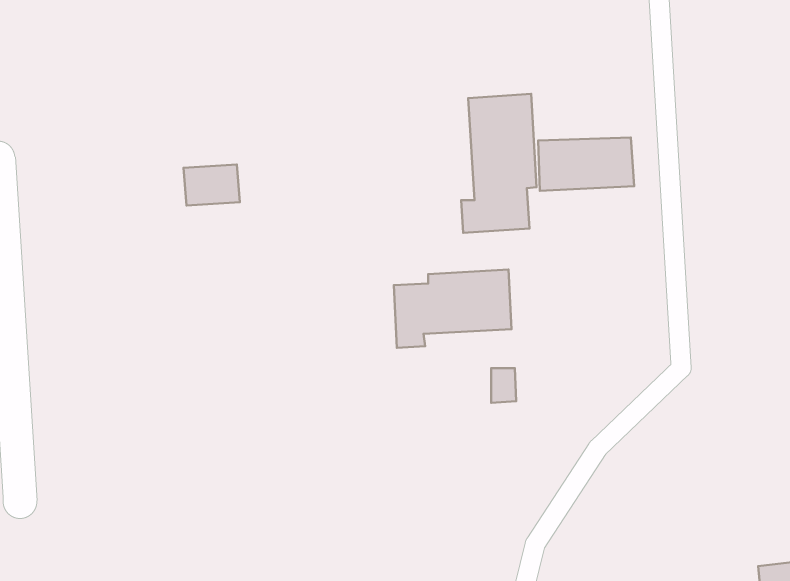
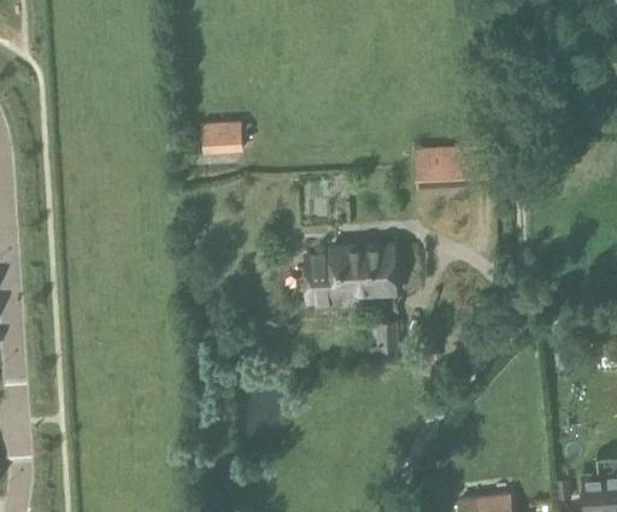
building: [461,94,537,233] -> none
building: [183,165,240,205] -> [201,118,245,149]

